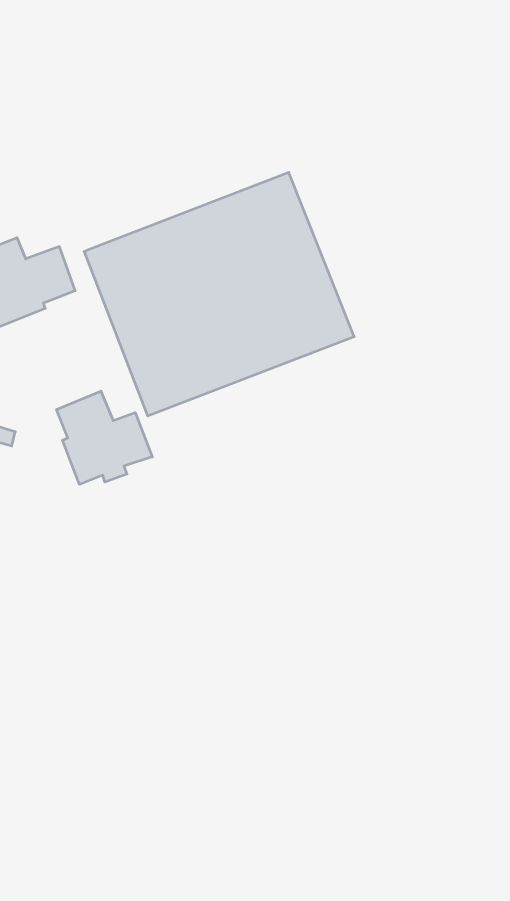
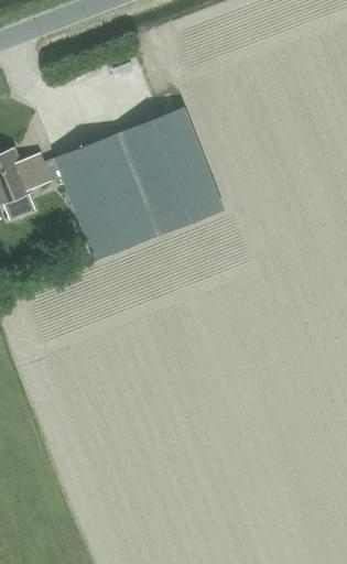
building: [57,391,152,484] -> none

